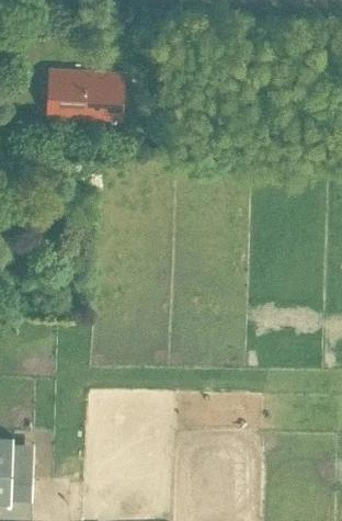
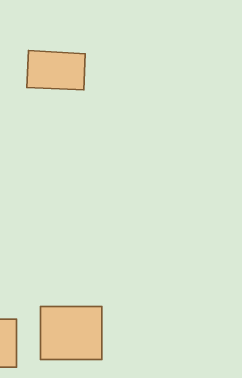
building: none -> [41,306,102,359]

